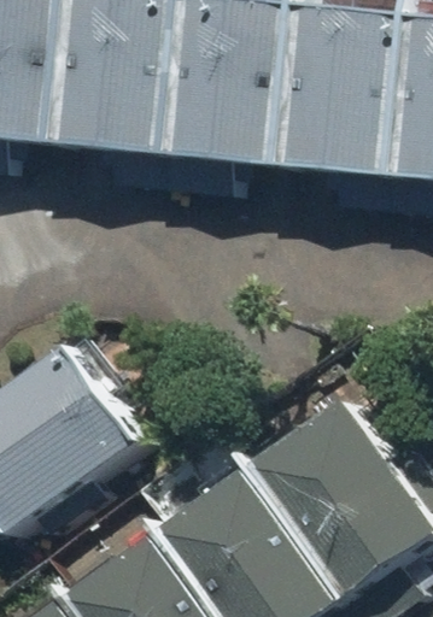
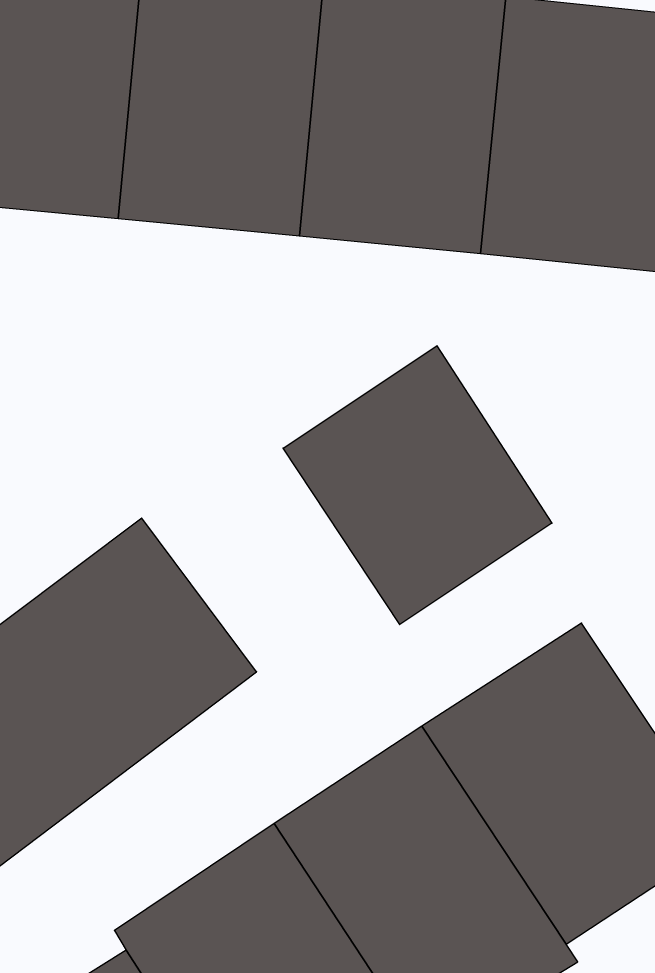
building: none -> [283,346,552,625]

